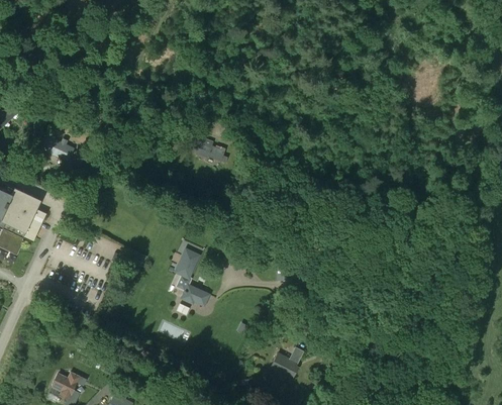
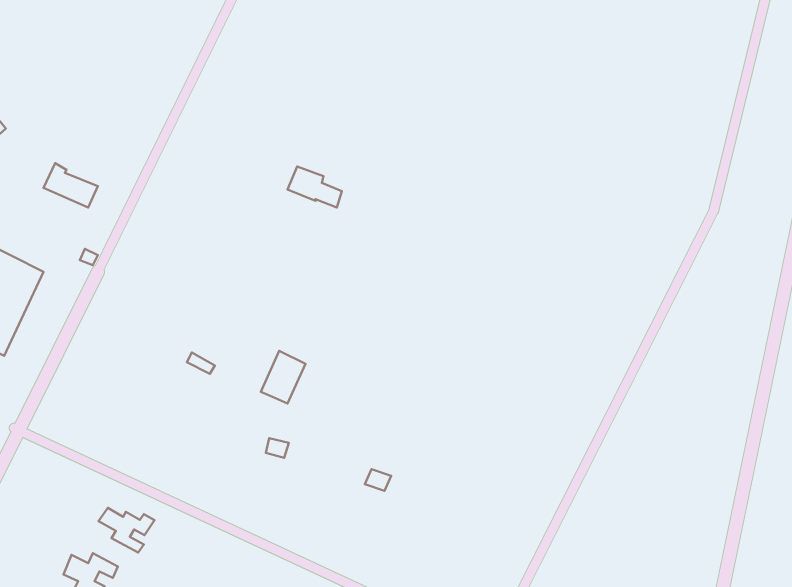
building: [177,278,208,306] -> none
building: none -> [98,508,154,552]
building: [269,353,298,380] -> none

